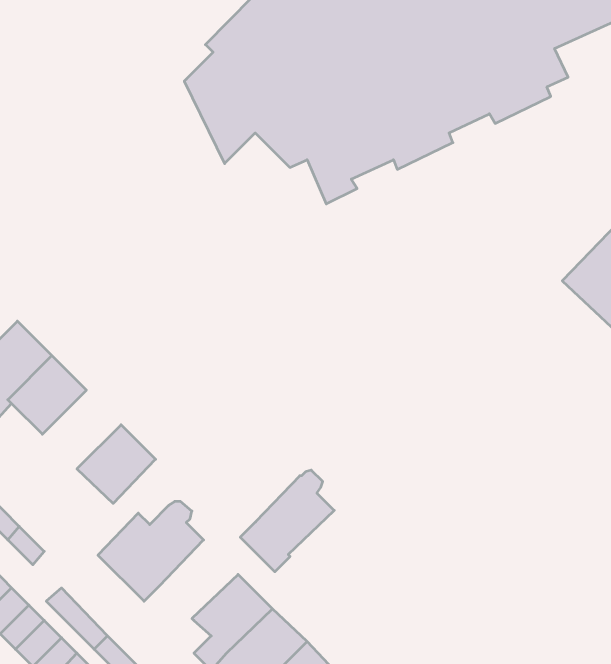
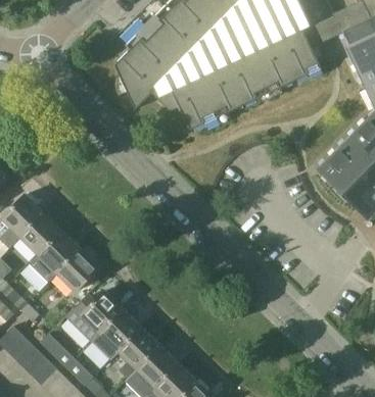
building: none -> [31,230,81,282]
building: [240,470,334,572] -> [93,306,143,360]

